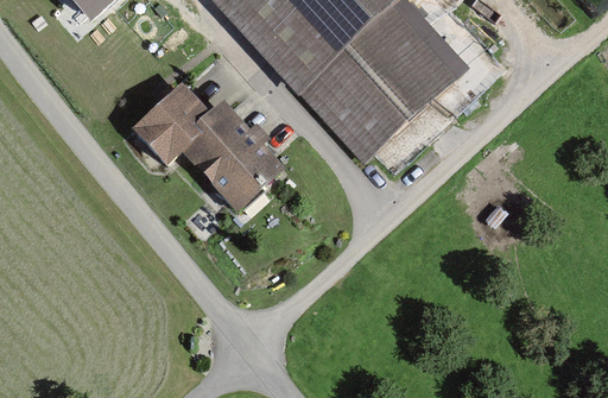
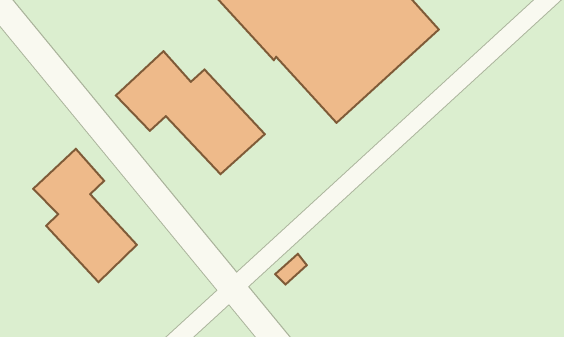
building: none -> [33,149,137,282]

